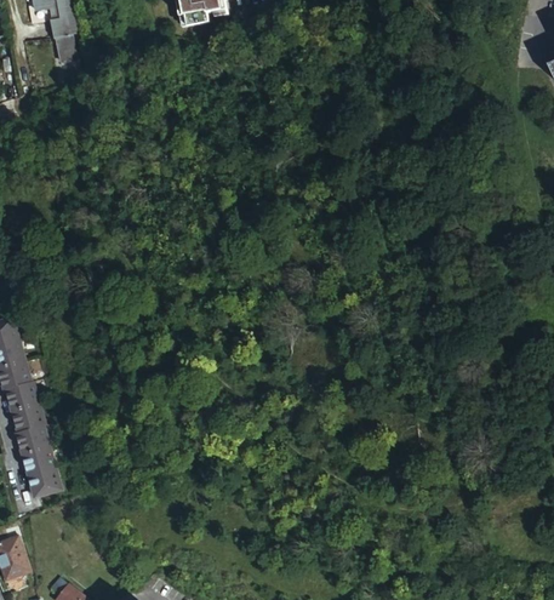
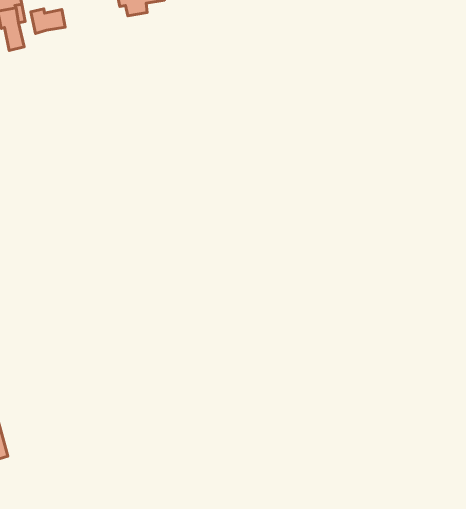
building: none -> [31,9,65,33]

